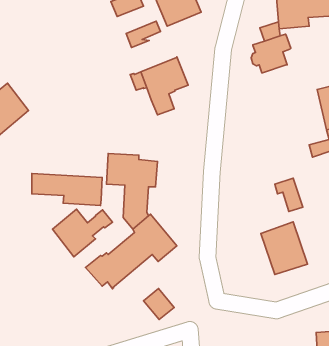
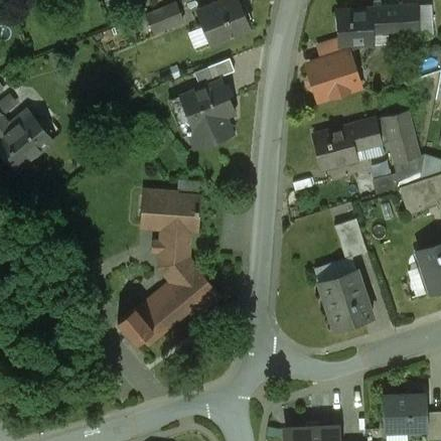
building: [126,21,160,47] -> [194,58,234,89]
building: none -> [313,119,382,170]
building: [32,174,102,206] -> none
building: [52,209,112,257] -> none
building: [143,289,174,320] -> none

